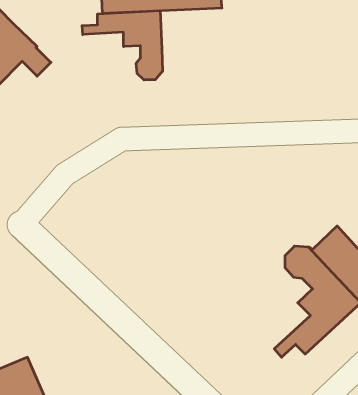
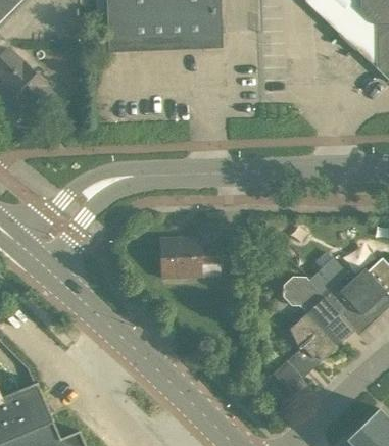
building: [82,11,163,80] -> none
building: none -> [158,237,243,279]

